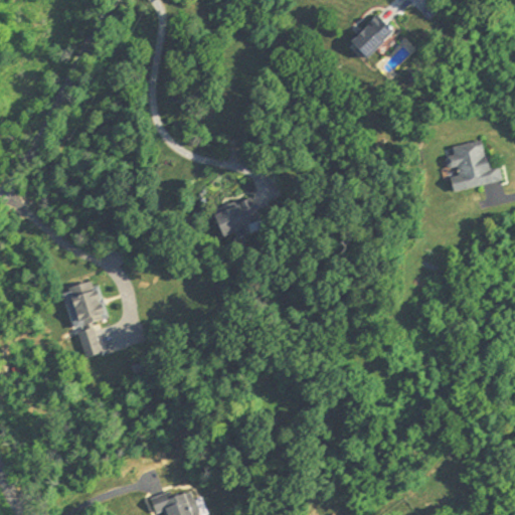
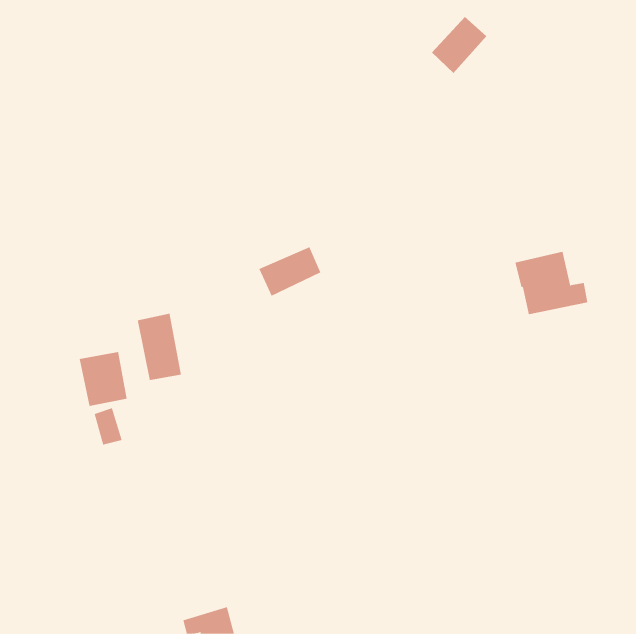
building: [443,140,502,191] -> [515,251,588,315]
building: none -> [137,313,181,381]

